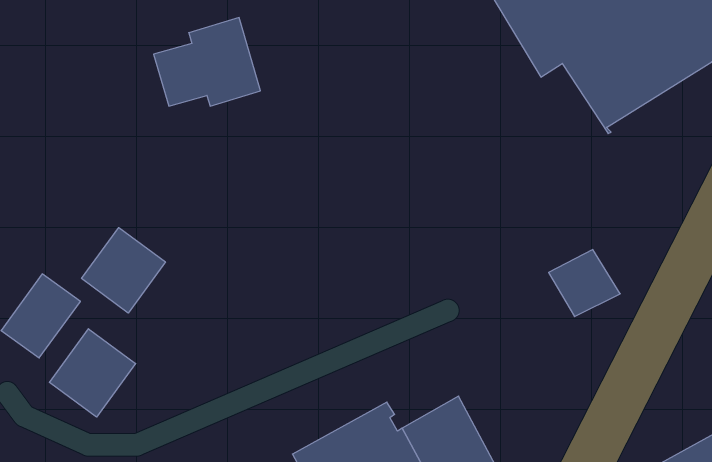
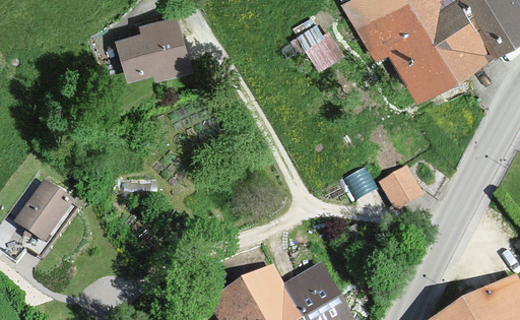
building: [82,228,165,313] -> none
building: [49,329,136,417] -> none

